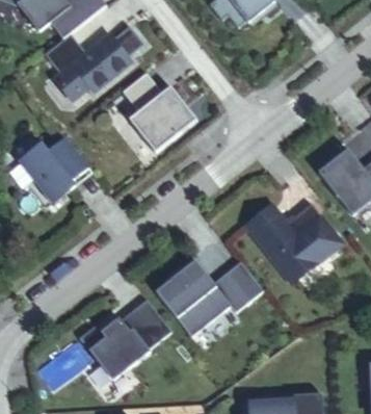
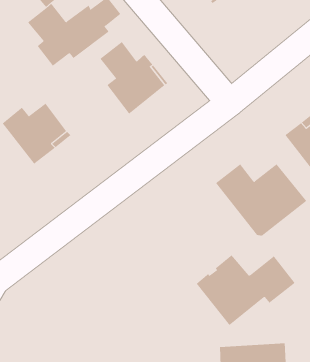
building: [157,259,263,335] -> [196,254,296,326]
building: [79,297,171,379] -> none

